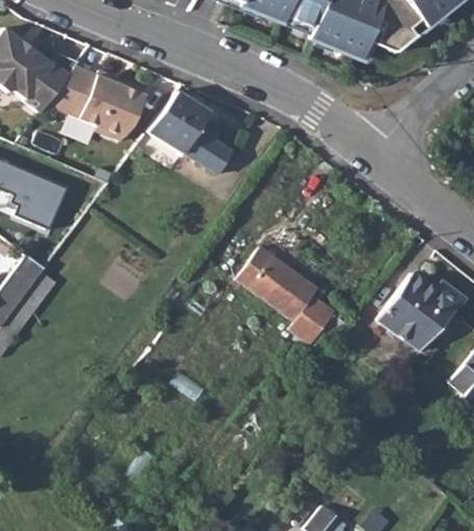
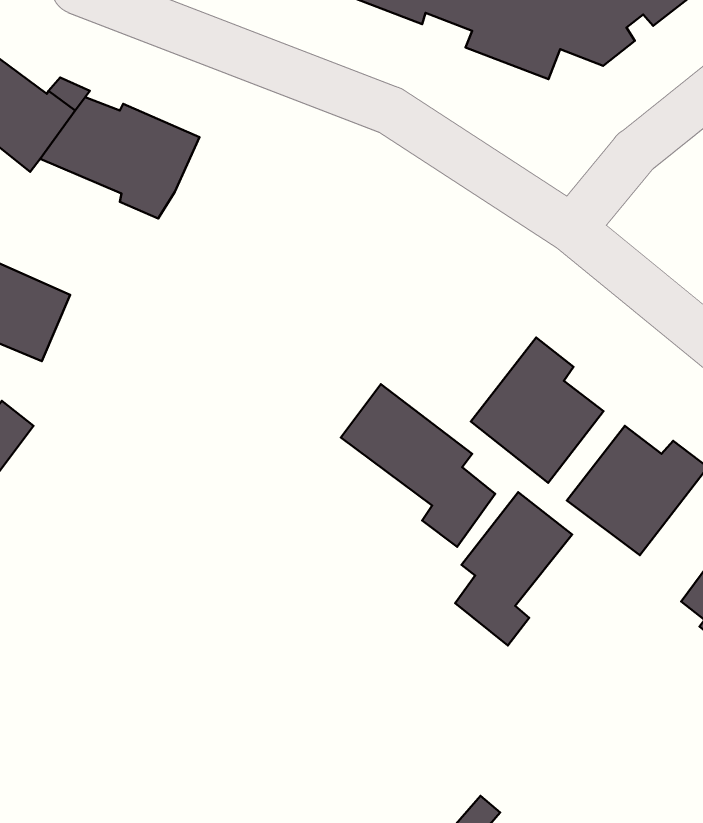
building: [148,89,234,173] -> none
building: none -> [471,337,603,483]
building: none -> [455,492,572,646]

